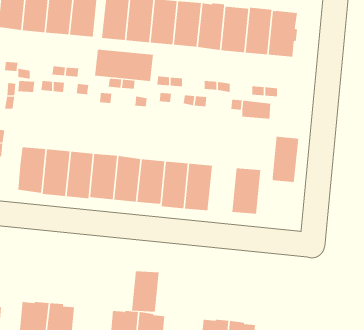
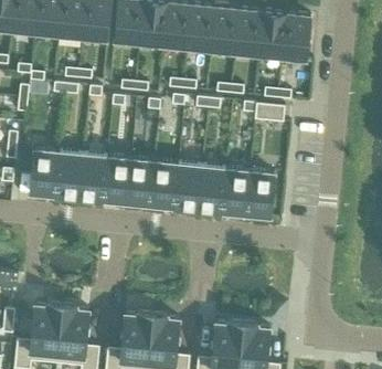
building: [95,49,154,82] -> none
building: [271,136,299,183] -> [221,168,248,214]
building: [132,271,159,312] -> none

